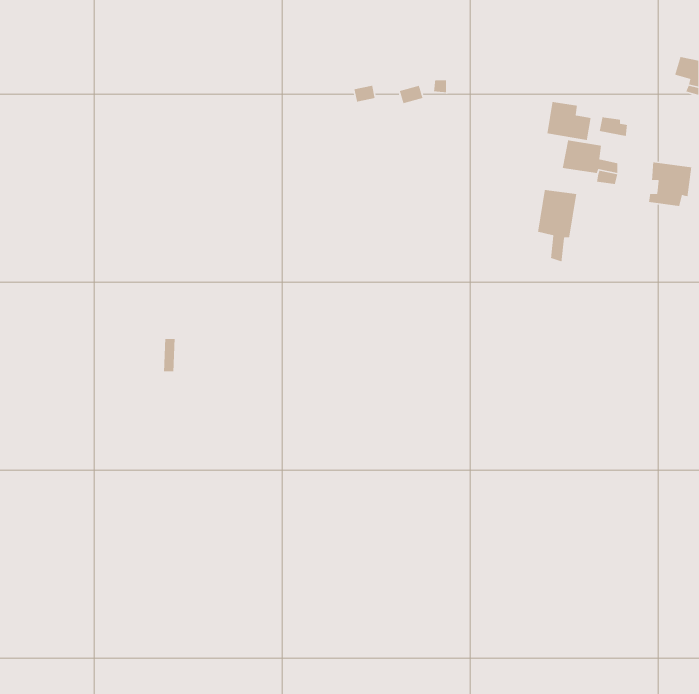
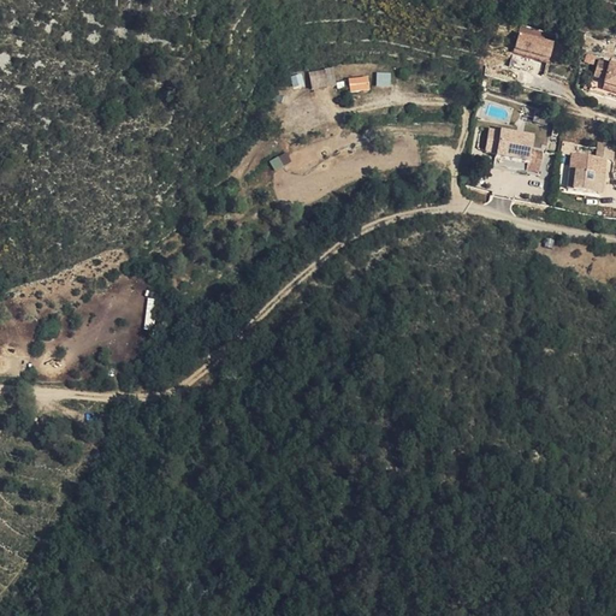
building: [546,101,592,141] -> [513,31,552,66]
building: [537,189,577,263] -> none

